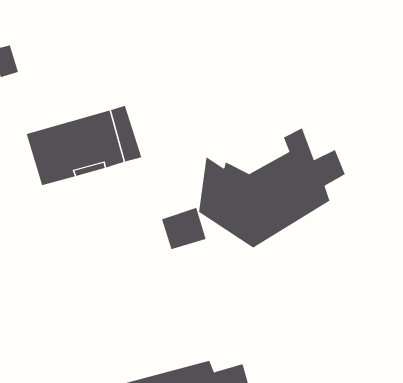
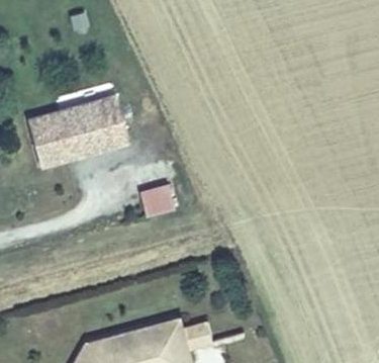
building: [198,128,345,249] -> none

